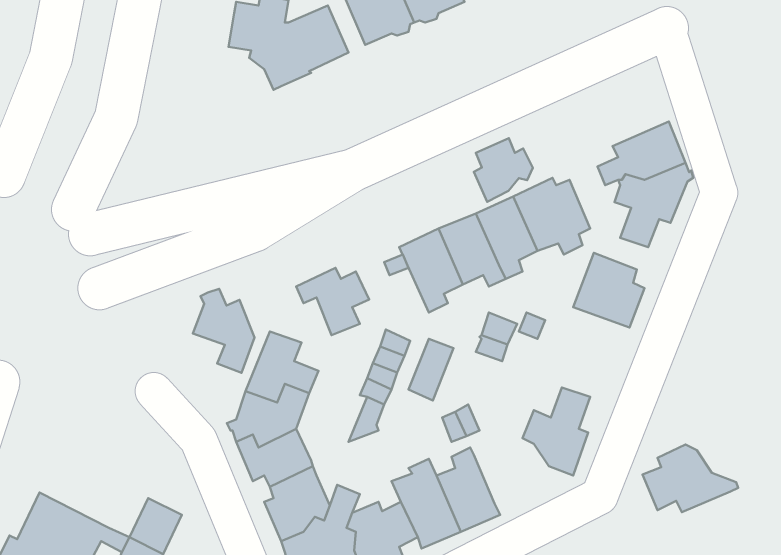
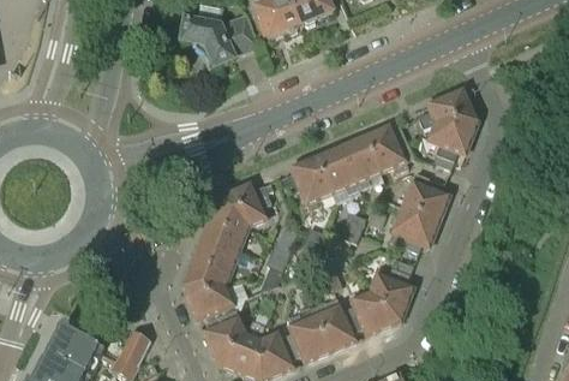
building: [474,138,533,202] -> none
building: [193,289,255,373] -> [208,194,247,248]
building: none -> [389,207,438,252]
building: [643,445,738,512] -> [342,291,403,334]

